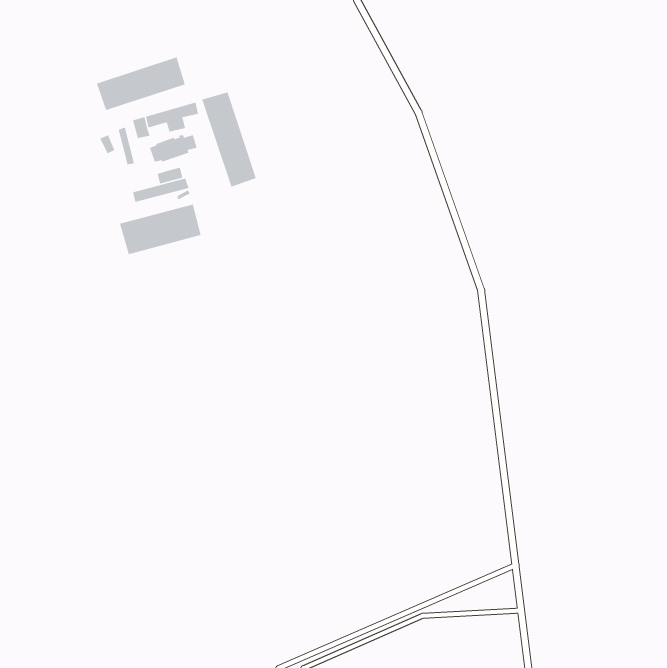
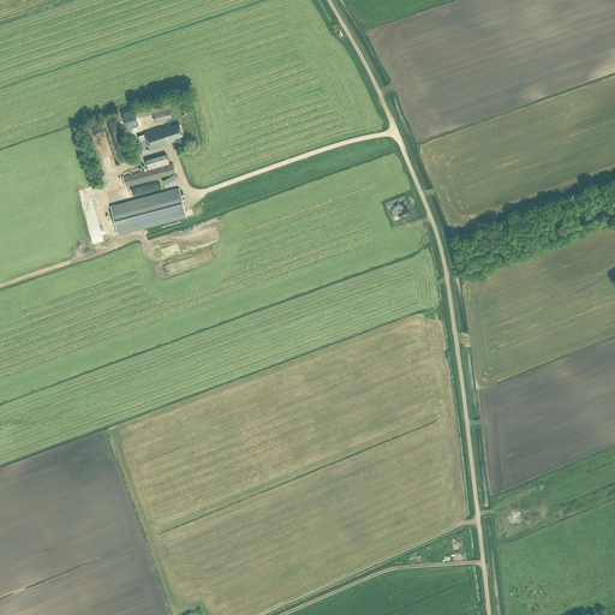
building: [96,56,185,111] -> none
building: [202,91,257,187] -> none

